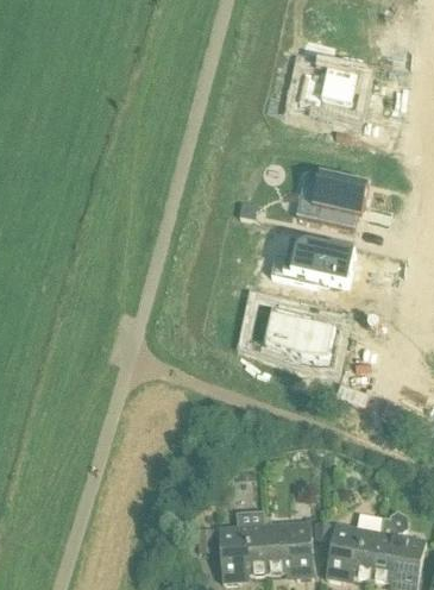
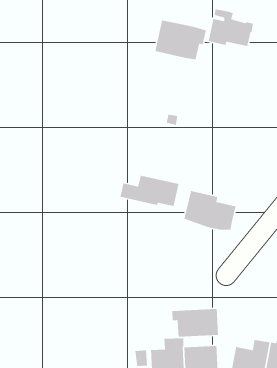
building: [296,172,367,228] -> [155,19,207,60]
building: [269,246,351,290] -> [119,175,179,207]
building: none -> [172,308,219,338]

